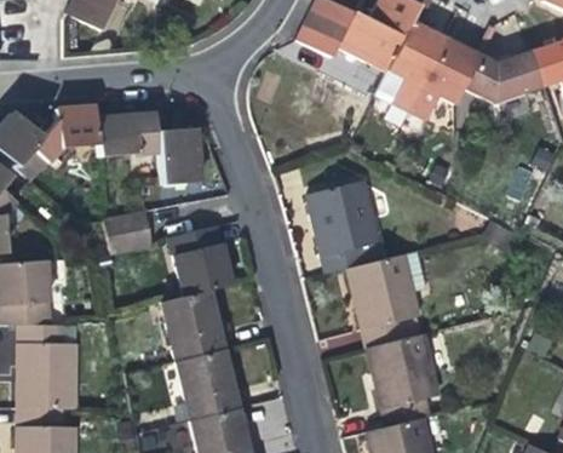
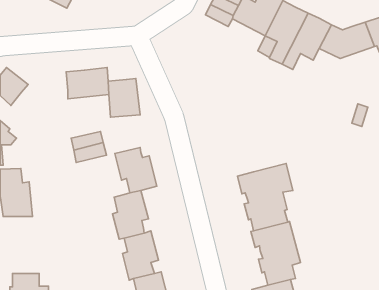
building: [35,107,102,165] -> none
building: [306,184,378,275] -> none
building: [18,328,74,411] -> none

